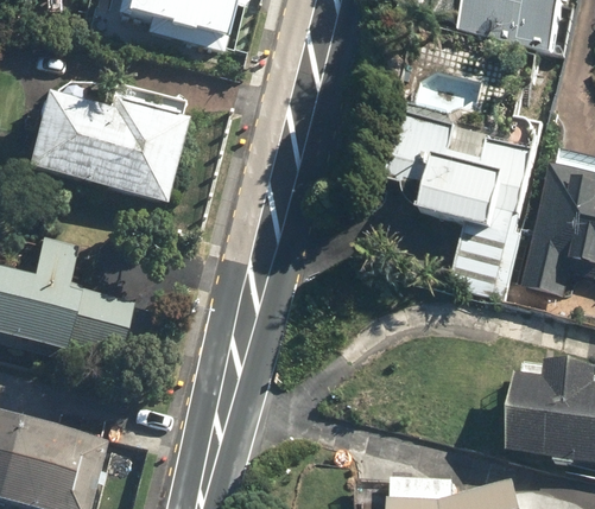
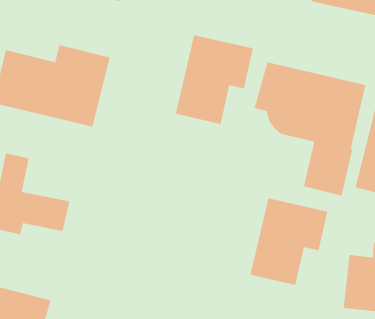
building: none -> [175,34,254,125]
building: none -> [250,198,328,286]

